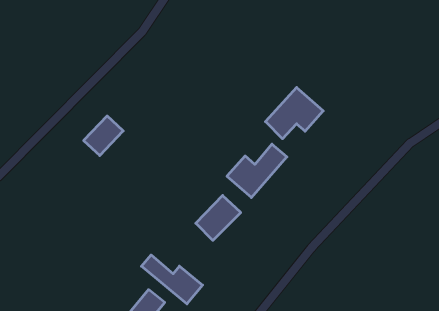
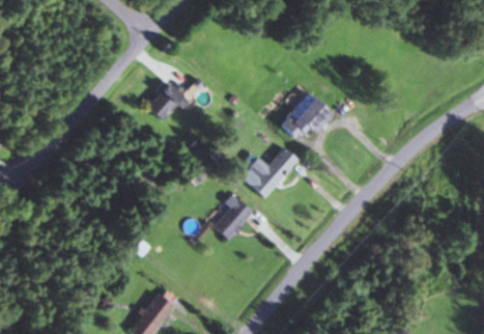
building: [84,116,123,156] -> [147,81,186,119]
building: [141,255,203,304] -> none

